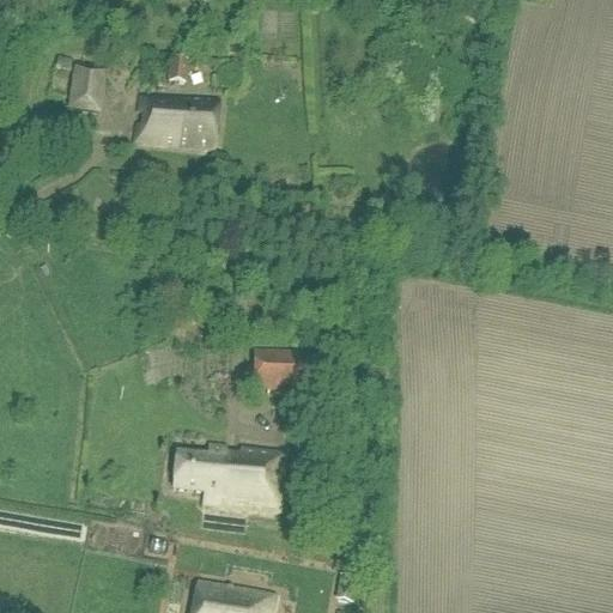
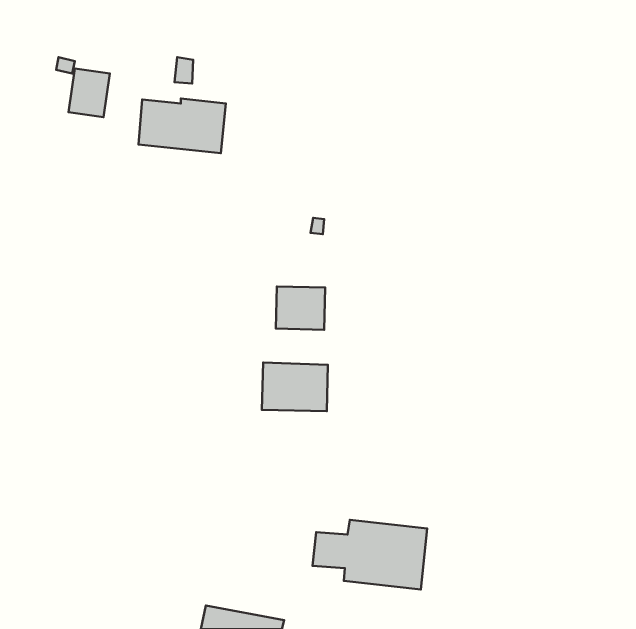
building: none -> [276,286,325,330]
building: [174,442,284,509] -> [312,520,427,589]

